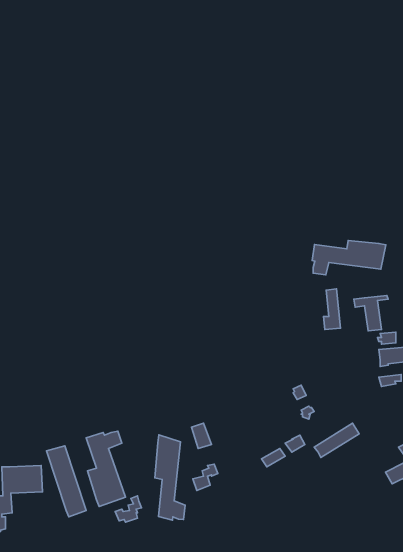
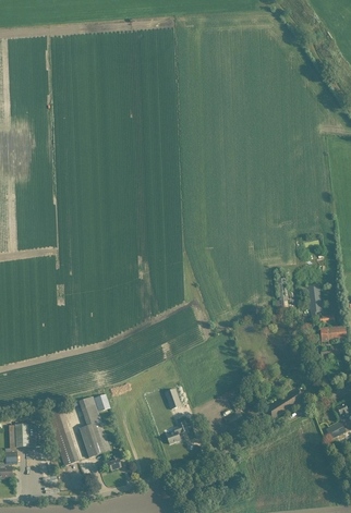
building: [312,240,386,275] -> none
building: [155,435,185,520] -> none

